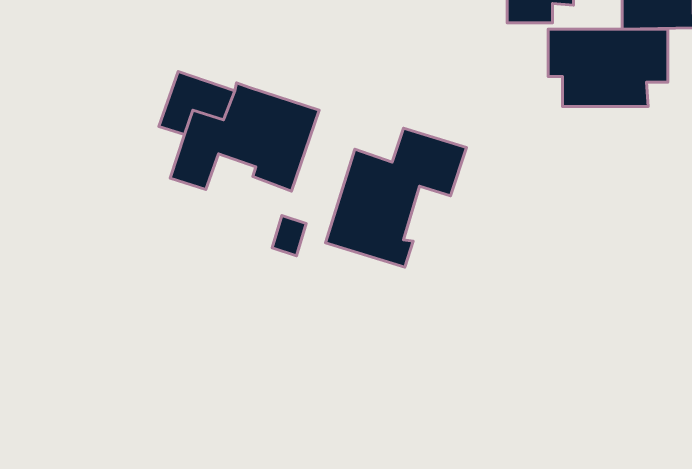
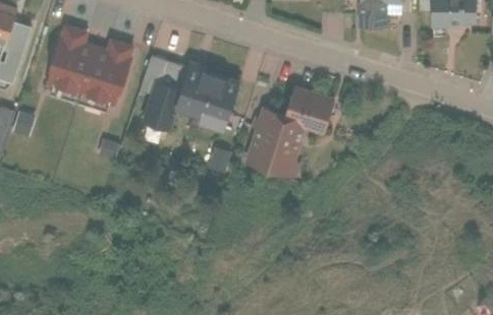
building: none -> [45,24,133,105]
building: [548,29,668,107] -> none

